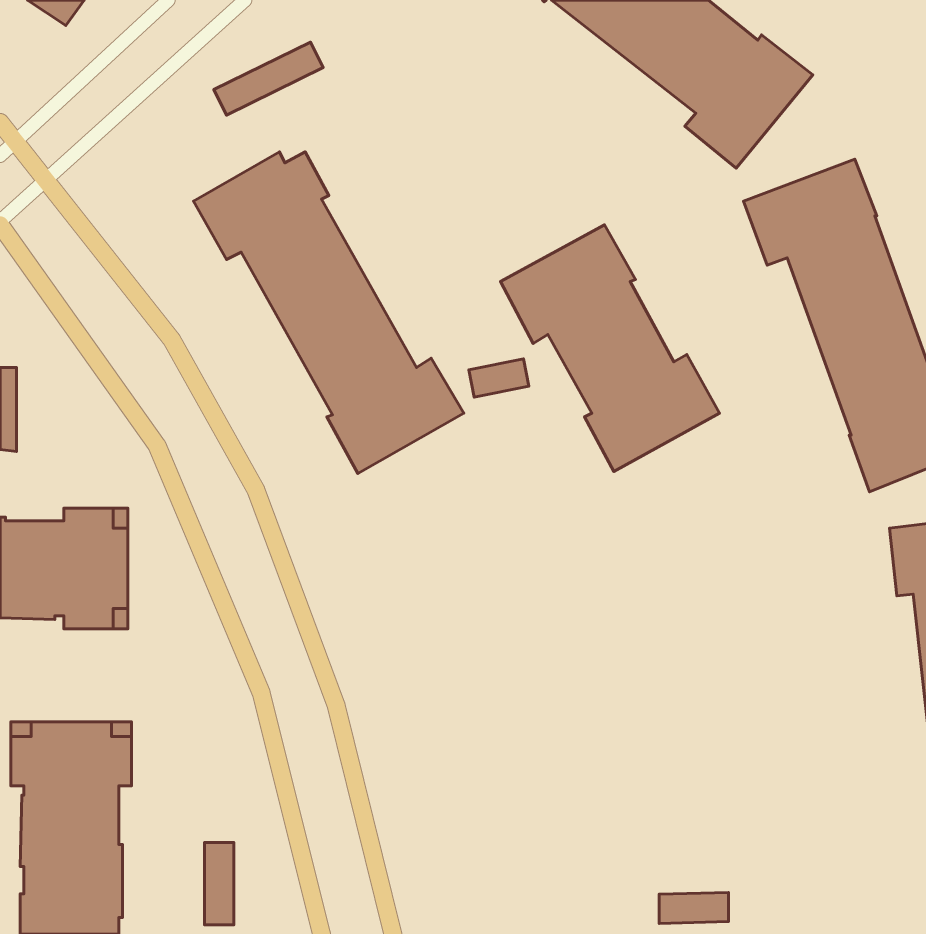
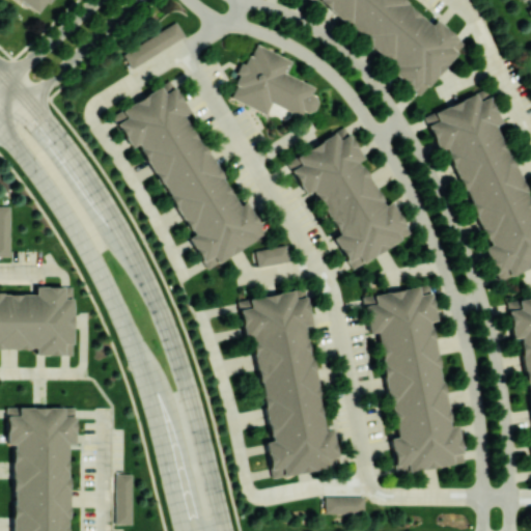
building: none -> [236,45,325,116]
building: [469,359,529,397] -> [259,247,294,269]
building: none -> [366,285,465,473]
building: none -> [242,288,340,477]
building: [659,892,729,923] -> [327,496,366,513]

